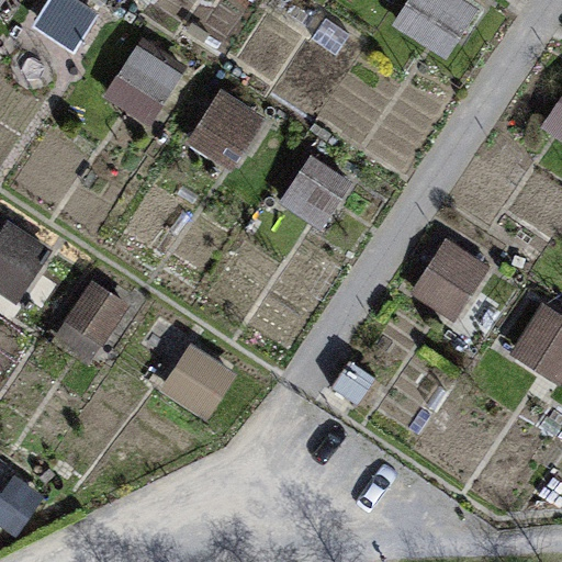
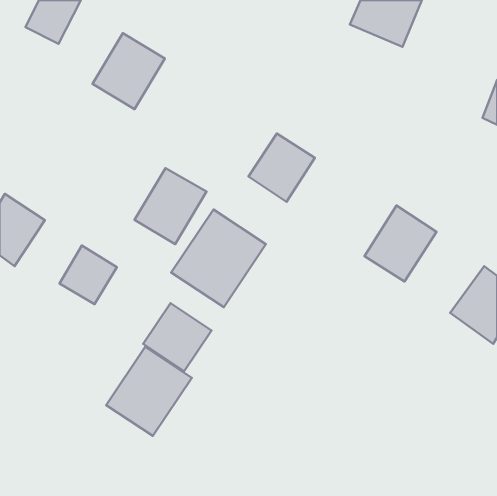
building: [184,88,266,173] -> [134,168,206,244]
building: none -> [171,210,266,307]
building: none -> [106,347,192,436]

